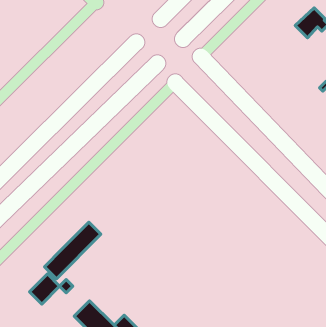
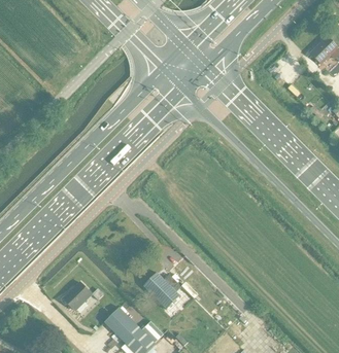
building: [44,222,101,279] -> none
building: none -> [143,274,180,309]

